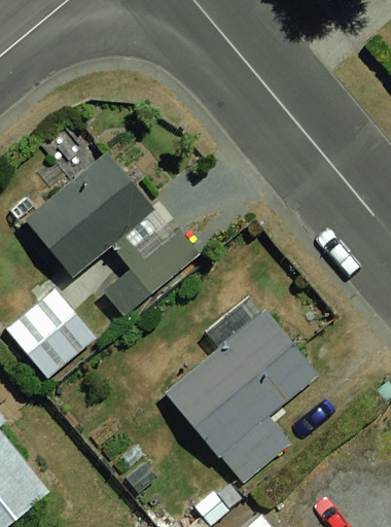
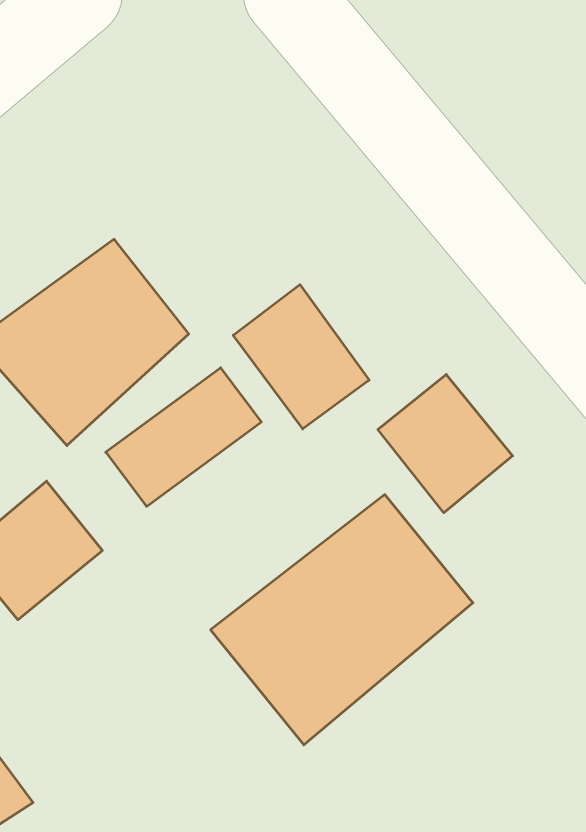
building: none -> [233,285,369,429]
building: none -> [378,374,513,513]

